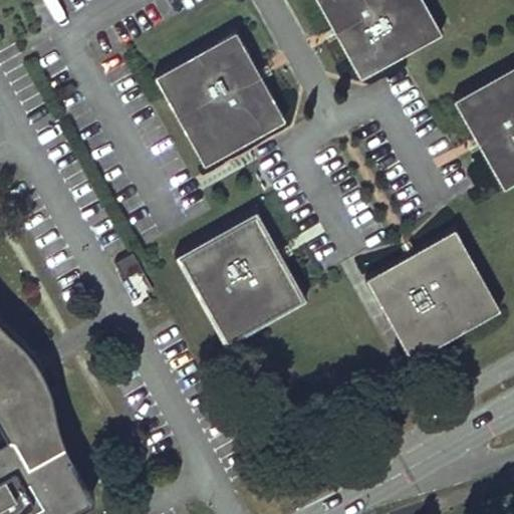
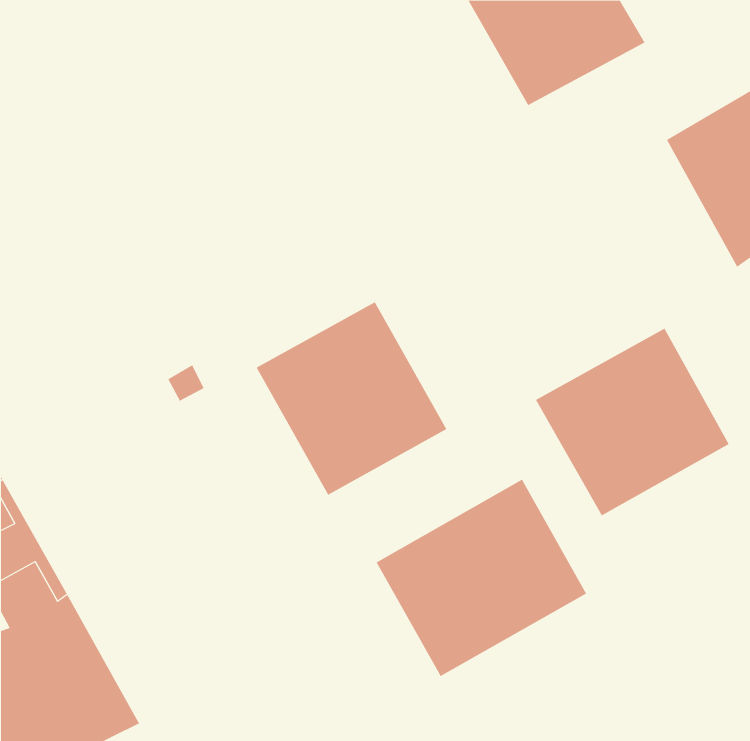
building: [156,34,285,167] -> none
building: none -> [376,479,587,677]

